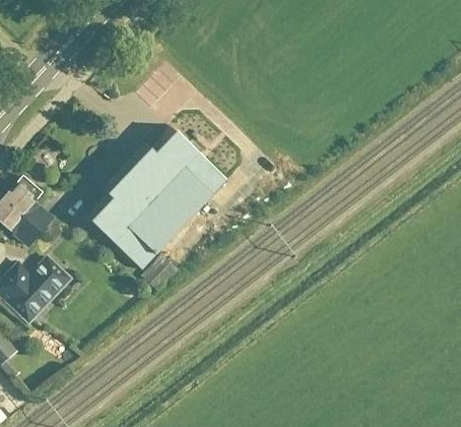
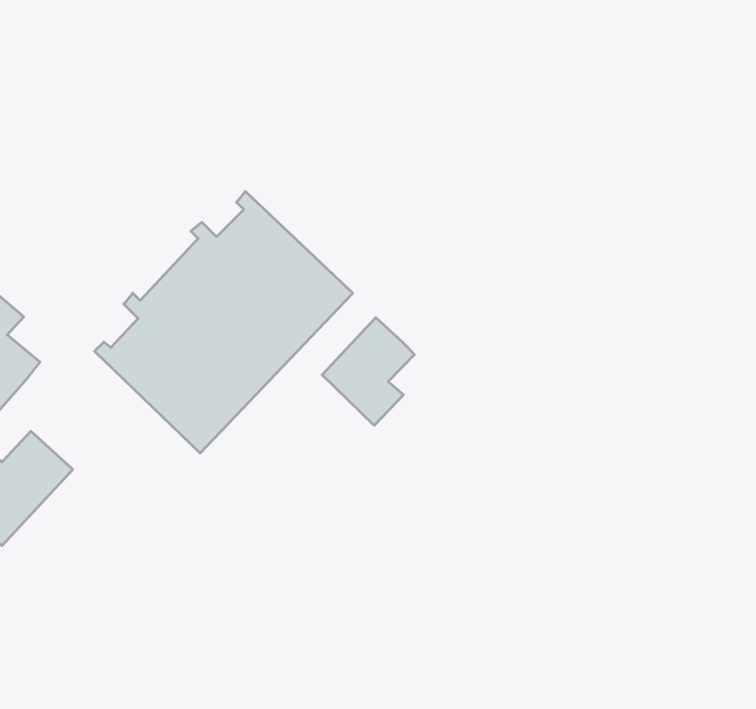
building: none -> [322,318,414,425]

